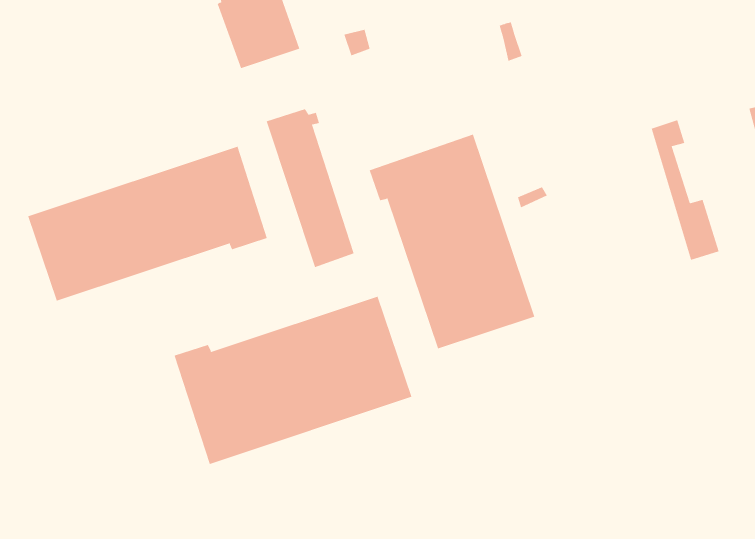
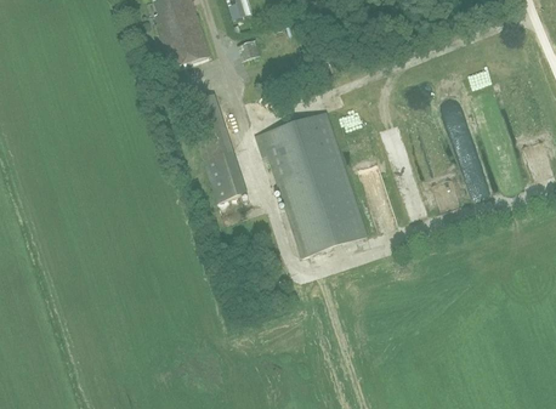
building: [28,146,268,302] -> none
building: [174,296,412,465] -> none

